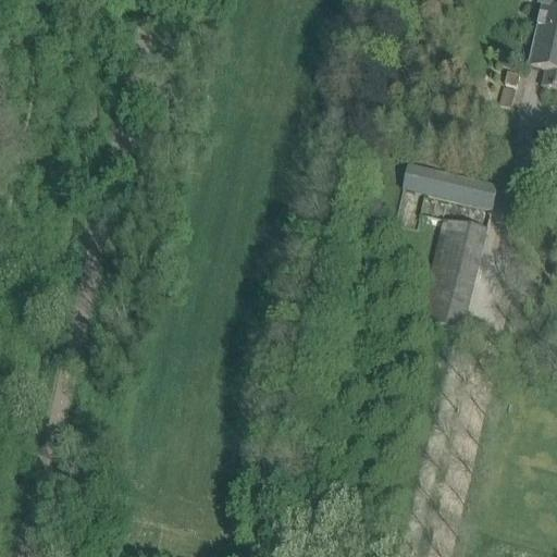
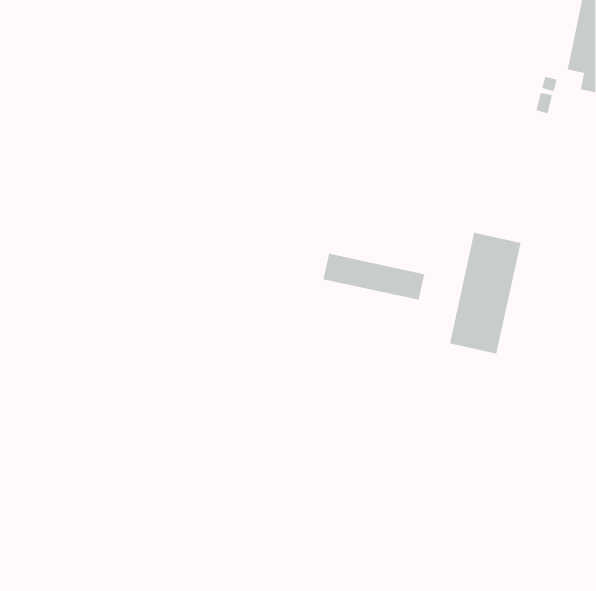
building: [401,163,497,208] -> [323,253,425,301]

